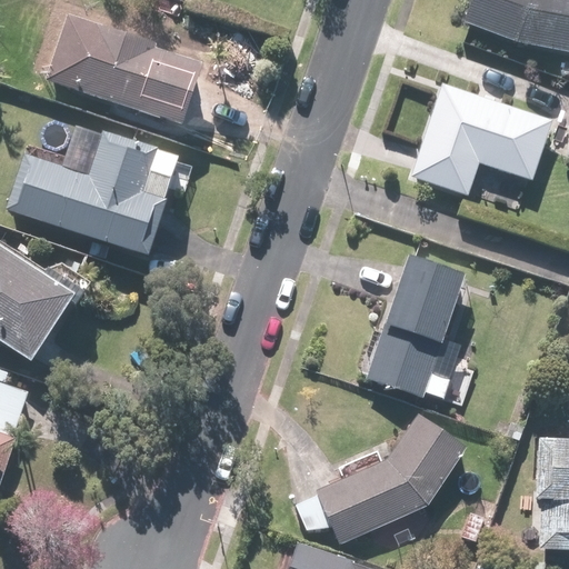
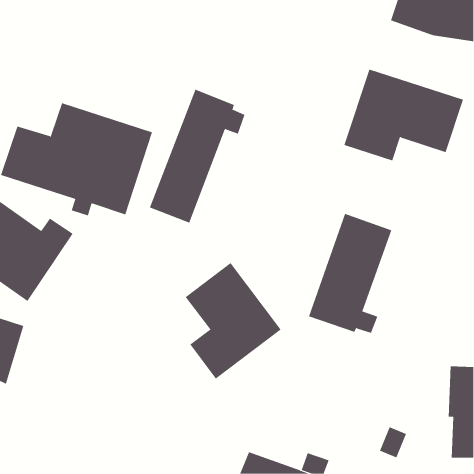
building: [48,16,210,132] -> none
building: none -> [149,89,245,223]
building: none -> [185,262,281,380]
building: [315,410,468,543] -> none

